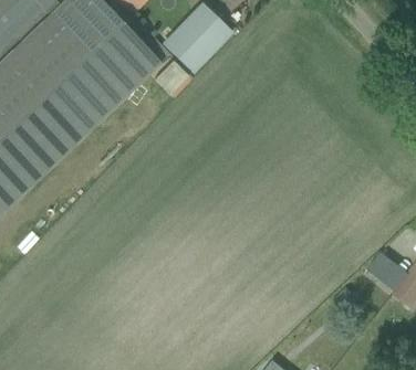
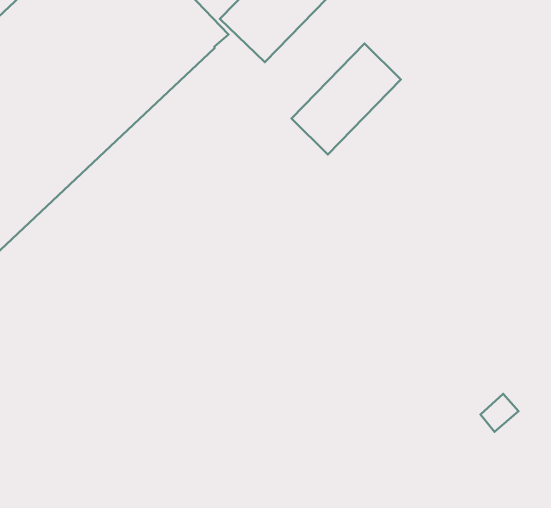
building: none -> [292,44,401,154]

